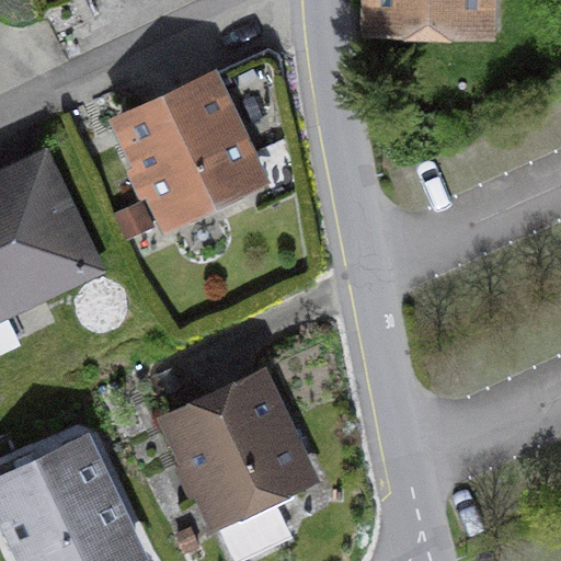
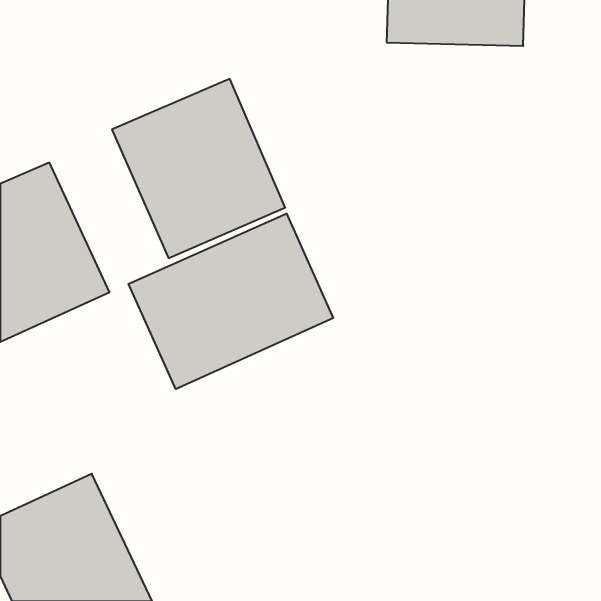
building: none -> [128,214,333,389]
building: [156,365,318,527] -> none

